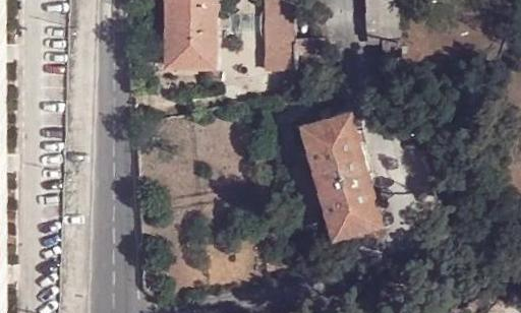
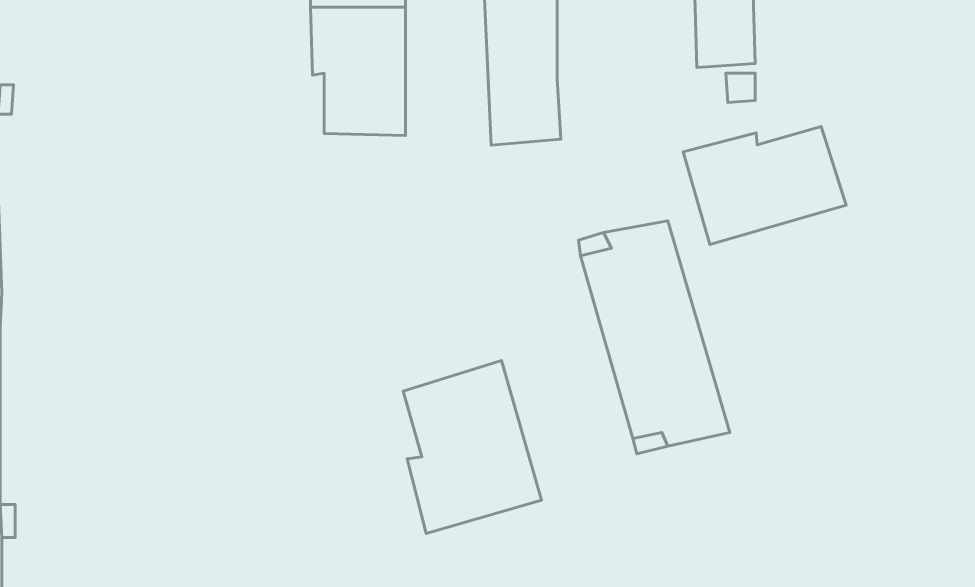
building: none -> [683,127,846,244]
building: none -> [403,361,542,533]

